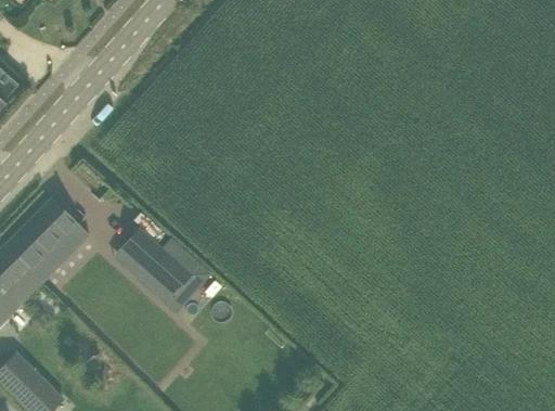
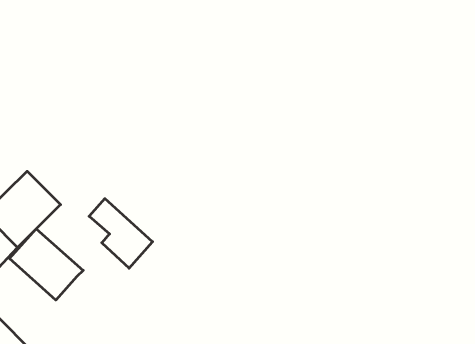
building: none -> [10,229,83,300]

